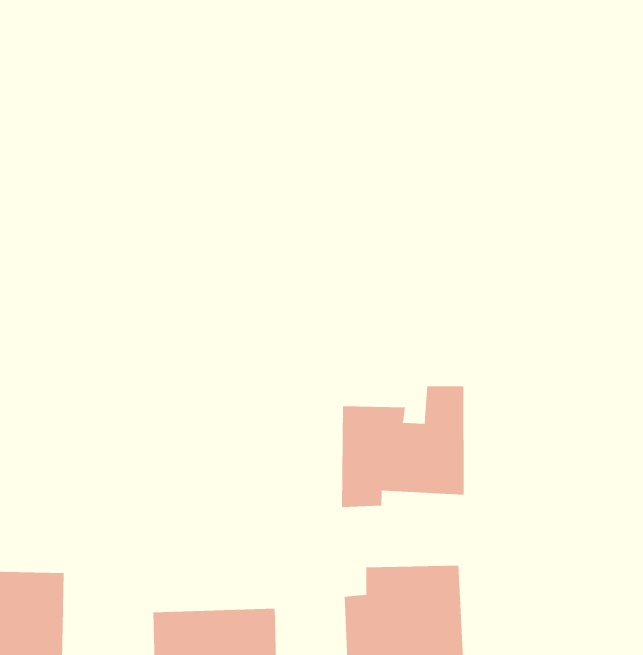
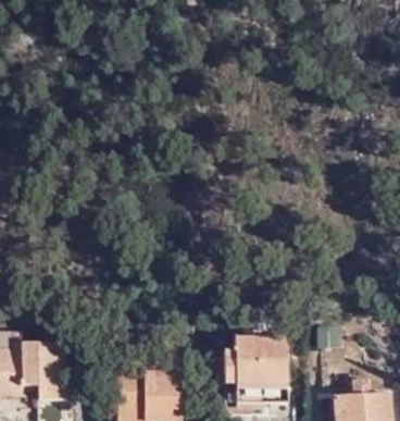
building: [341,385,464,508] -> none

